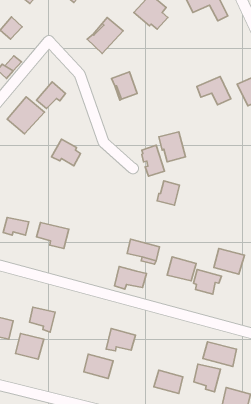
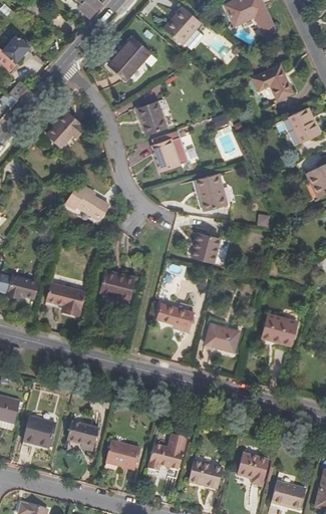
building: [197,76,231,105] -> [251,64,292,98]
building: [7,97,44,134] -> none
building: [142,145,164,176] -> [151,133,179,170]
building: none -> [98,271,134,299]
building: [114,267,146,289] -> none
building: [193,270,221,294] -> none
building: [30,307,55,332] -> [66,421,97,451]
building: [106,328,135,351] -> [146,443,182,470]
building: [203,342,237,366] -> none

